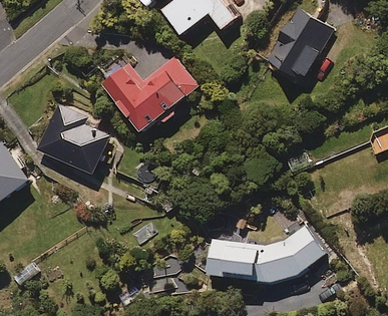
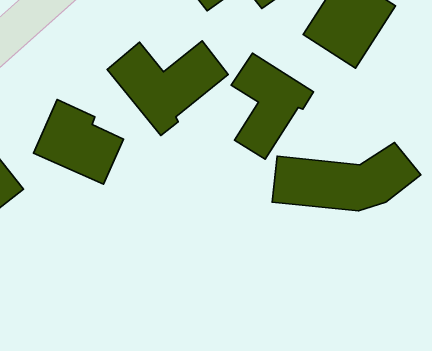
building: none -> [231,53,313,159]
building: [206,227,325,282] -> [272,142,421,211]

